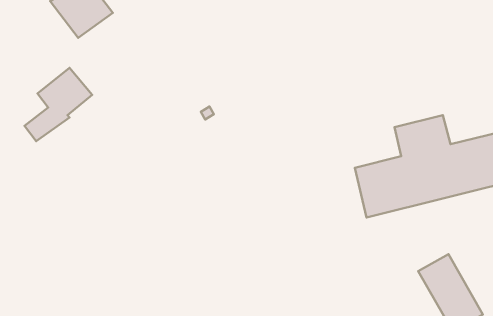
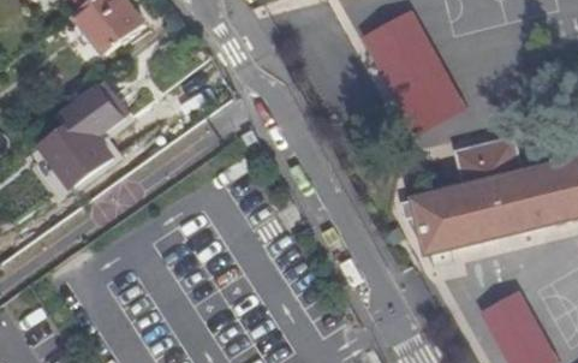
building: none -> [370,13,459,123]
building: none -> [56,139,109,188]

